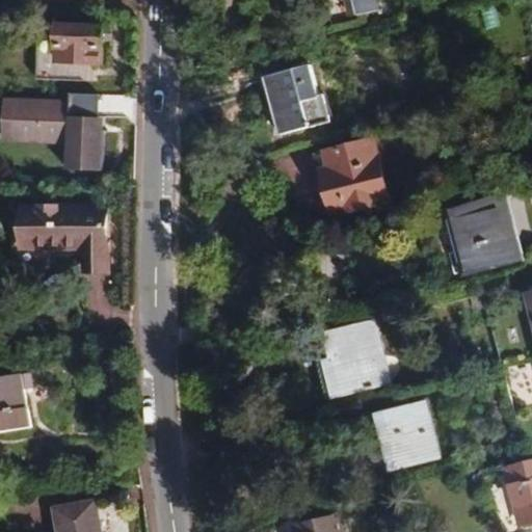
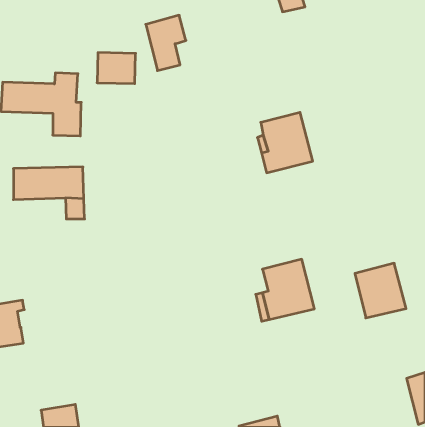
building: [53,24,101,62] -> [97,53,136,84]
building: [266,65,316,134] -> [146,15,186,71]
building: [446,192,521,275] -> none
building: [377,402,441,470] -> [355,263,406,318]

